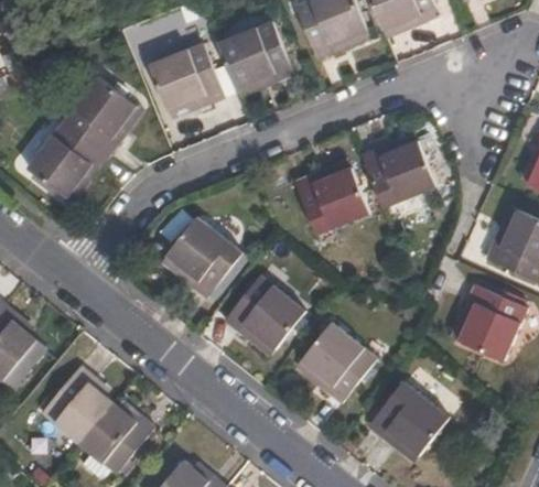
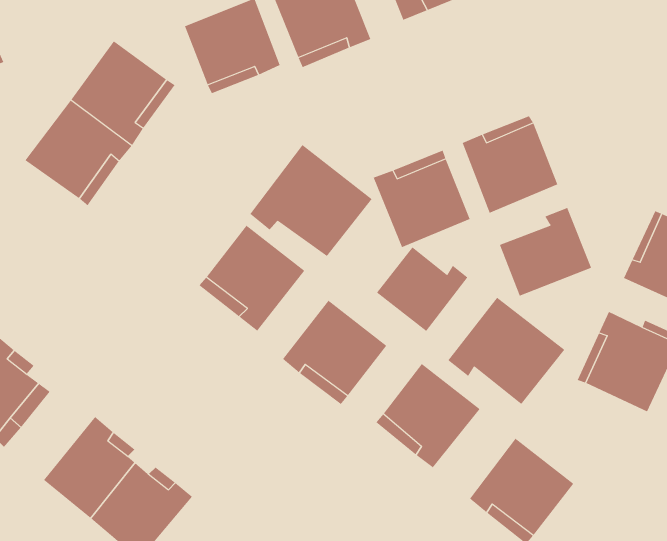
building: none -> [250,144,373,257]
building: none -> [499,207,592,297]
building: none -> [376,247,468,332]
building: none -> [447,297,565,405]

